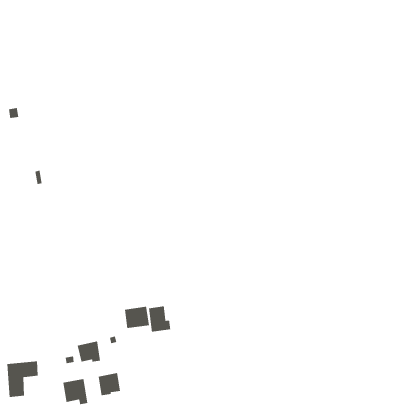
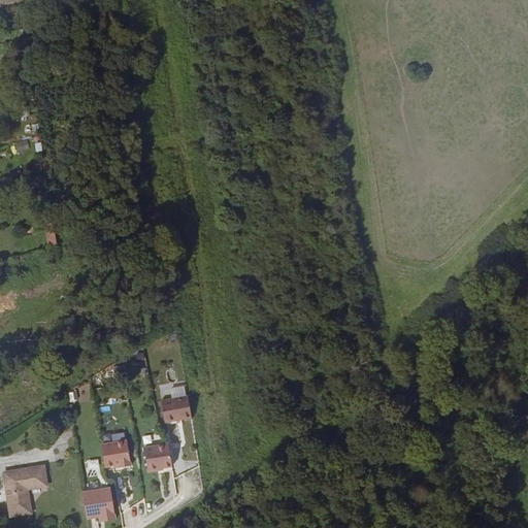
building: [148,306,171,333] -> none
building: [98,373,121,396] -> [143,441,173,471]

